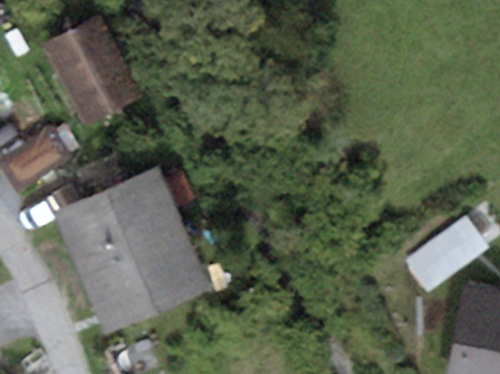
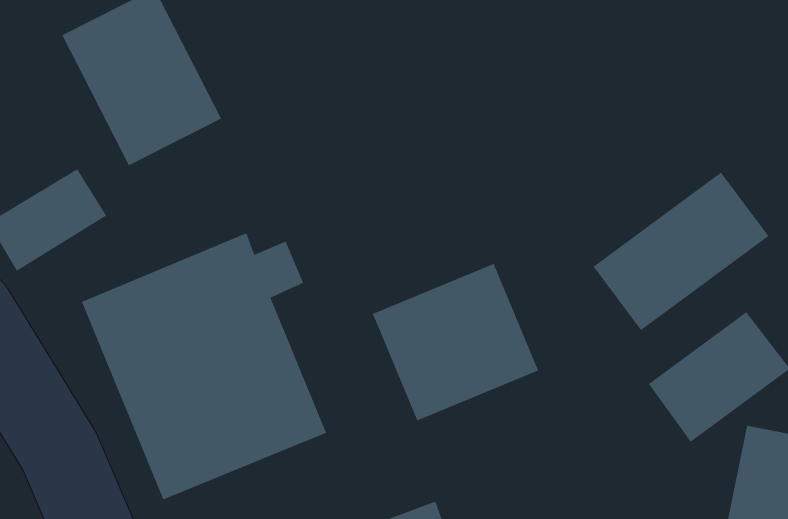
building: none -> [593,171,769,331]
building: none -> [372,263,539,422]

